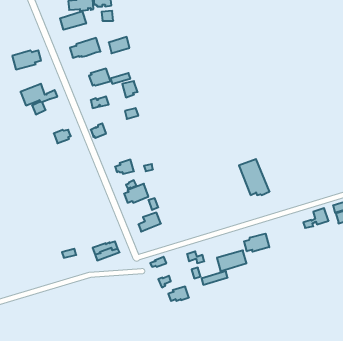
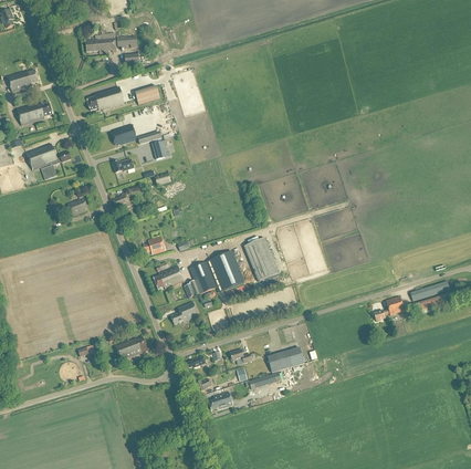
building: [60,11,86,30] -> none
building: none -> [8,70,40,92]
building: [239,159,270,195] -> [243,238,281,282]
building: none -> [193,250,244,294]
building: [244,234,269,252] -> none

